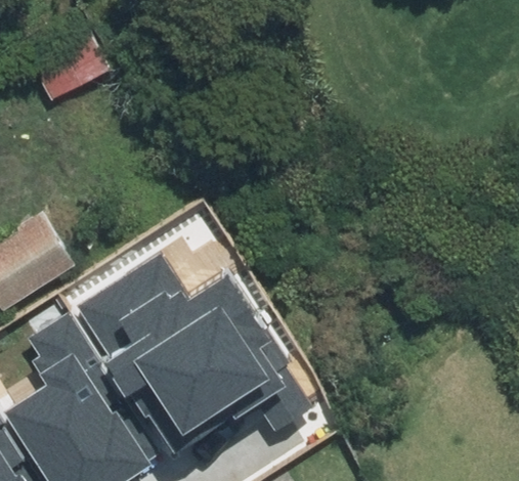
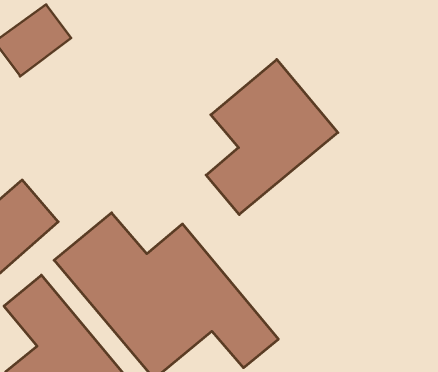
building: none -> [206,59,338,215]

